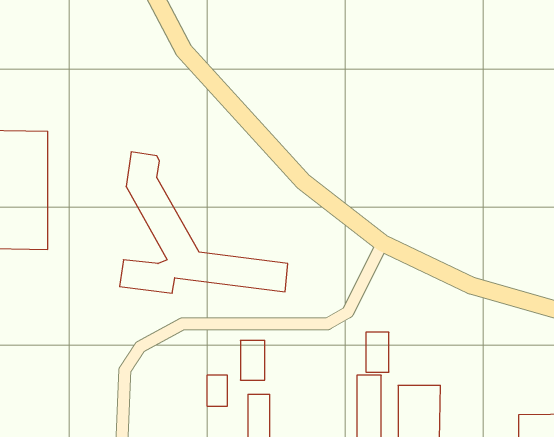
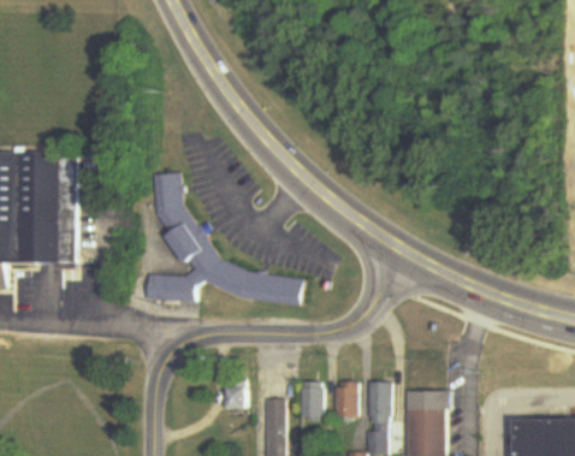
building: [366,332,389,372] -> [336,381,357,419]
building: [240,340,265,380] -> [301,383,324,420]

